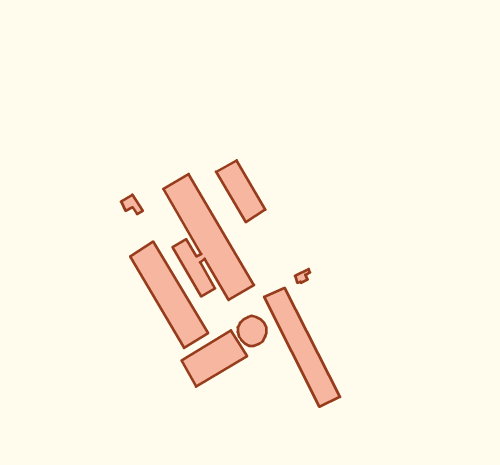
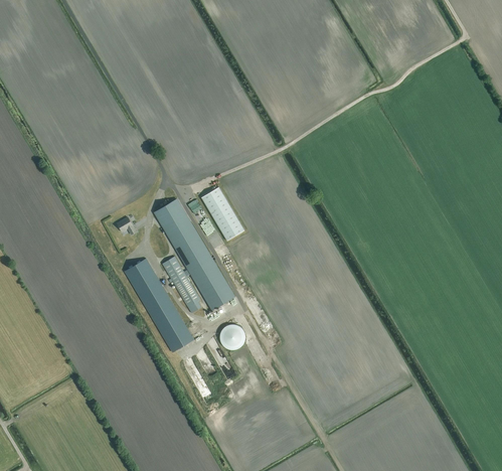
building: [264,288,340,407] -> none
building: [182,330,247,387] -> none

